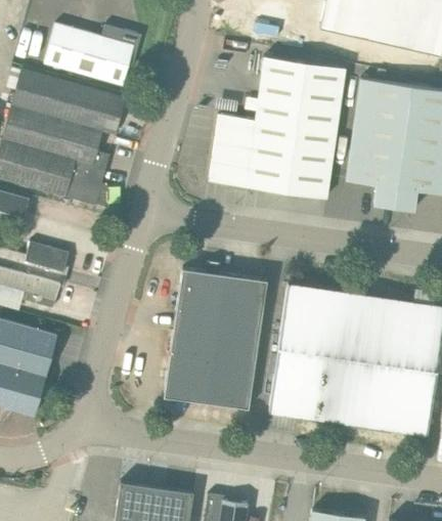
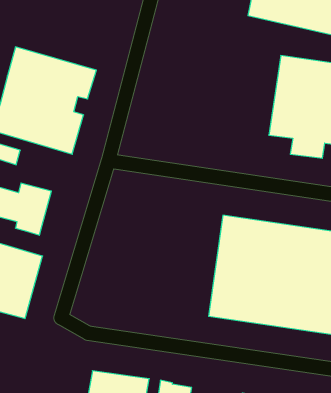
building: [44,25,141,86] -> none
building: [210,57,346,199] -> none
building: [164,268,267,409] -> none

